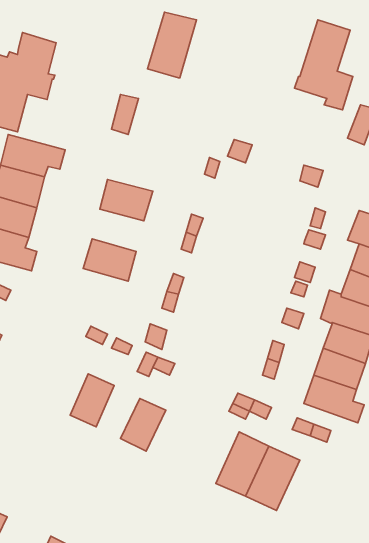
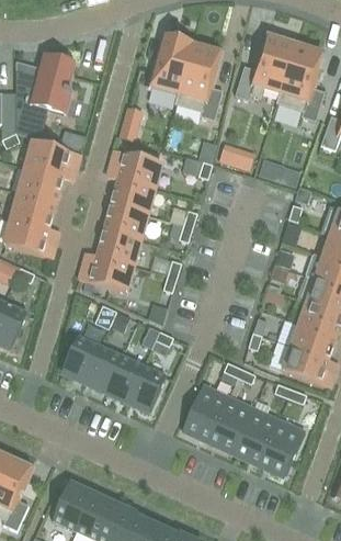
building: none -> [235,35,295,99]
building: none -> [174,43,223,120]
building: none -> [109,149,161,189]
building: none -> [103,204,147,240]
building: none -> [78,255,134,292]
building: none -> [61,335,100,380]
building: none -> [106,354,144,399]
building: none -> [183,383,228,438]
building: none -> [260,418,305,473]

